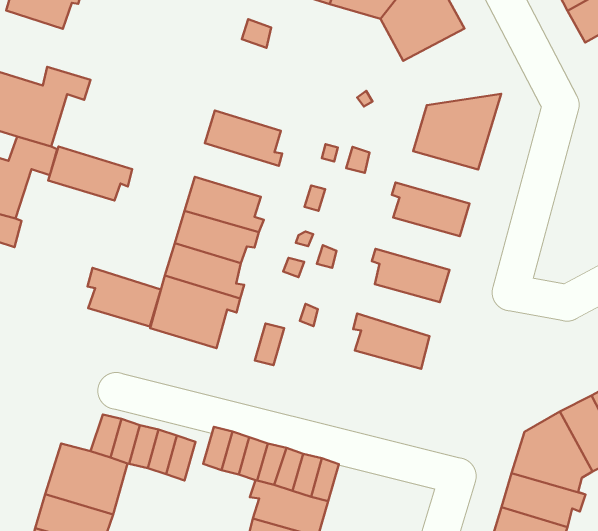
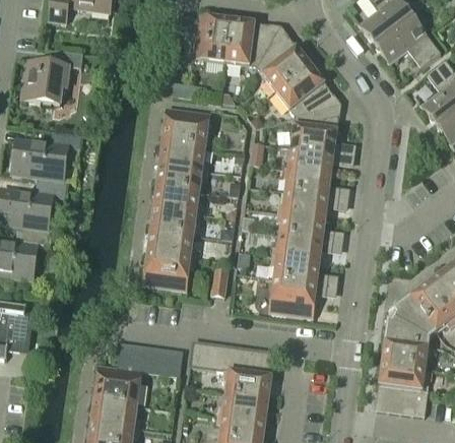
building: none -> [275,66,340,118]
building: none -> [161,109,209,148]
building: [48,146,132,200] -> [155,164,207,192]
building: none -> [282,148,333,176]
building: none -> [276,192,328,219]
building: [88,268,161,327] -> none
building: none -> [271,236,322,263]
building: none -> [269,279,317,319]

